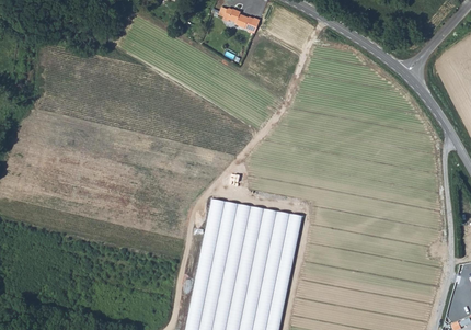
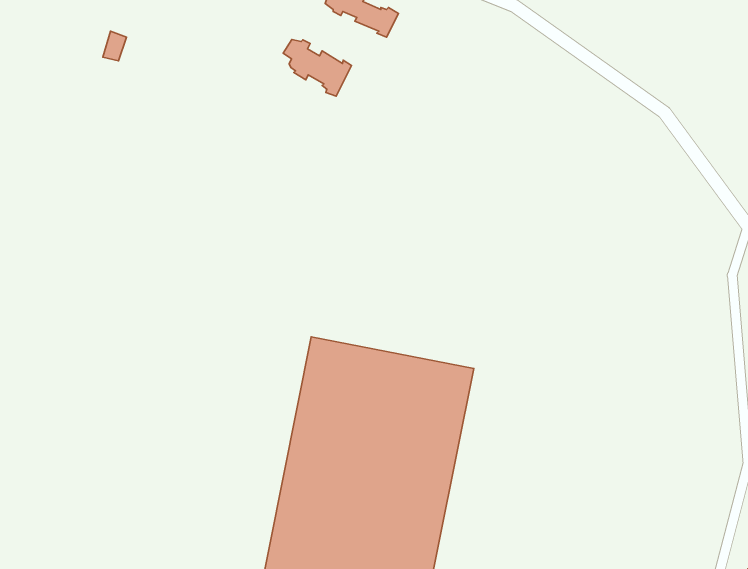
building: none -> [283,40,351,96]

